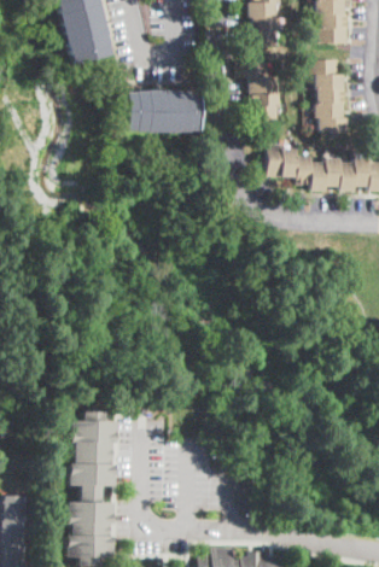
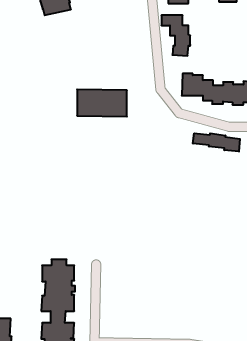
building: [313,60,346,133] -> none
building: [127,92,198,130] -> [77,89,127,117]
building: none -> [193,133,240,152]

